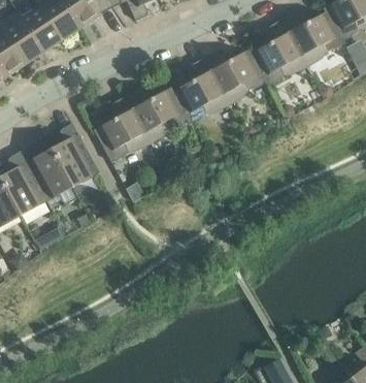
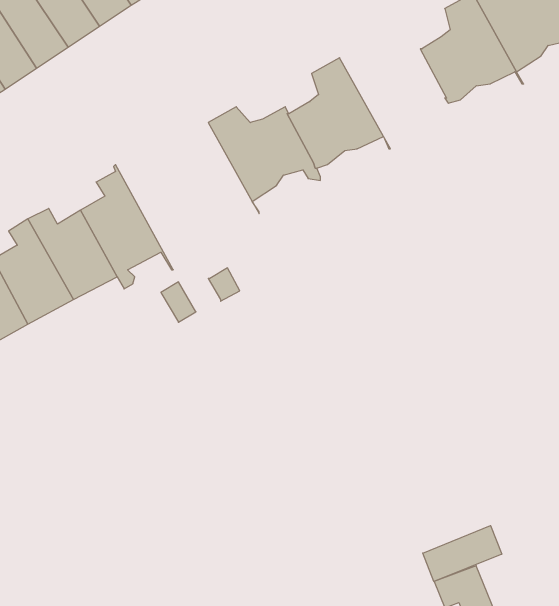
building: [202,49,265,111] -> none
building: [93,96,155,161] -> none
building: none -> [423,526,502,582]

